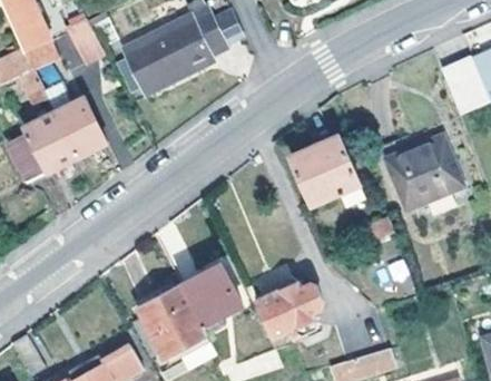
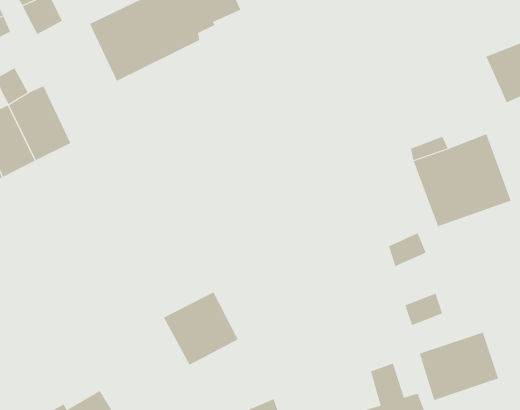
building: [292,137,360,206] -> none
building: [255,276,323,335] -> none
building: [139,285,206,354] -> none
building: none -> [419,332,499,401]

